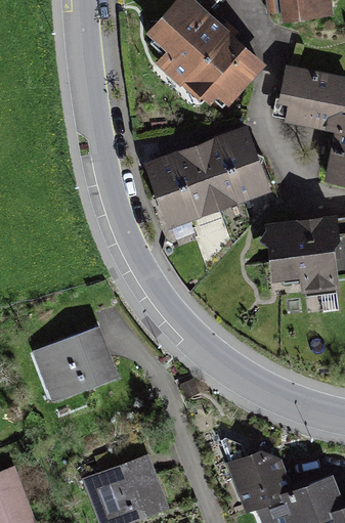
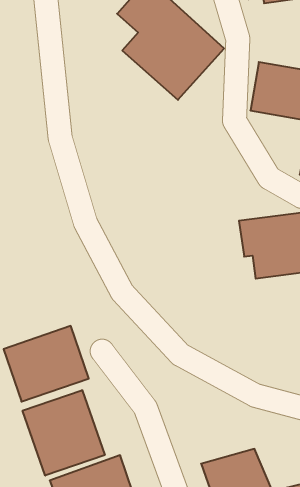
building: [148,128,268,228] -> none
building: none -> [23,390,105,476]

